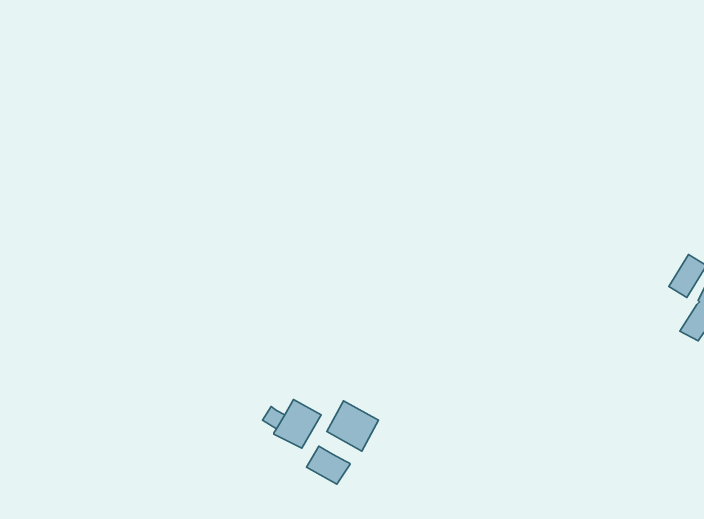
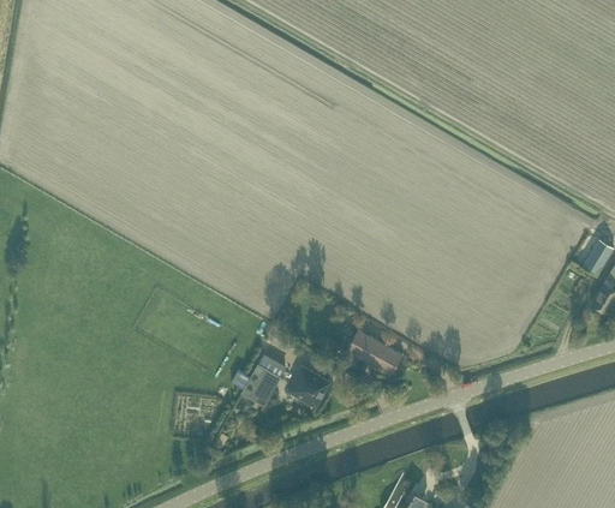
building: none -> [344,329,402,376]
building: [306,446,350,484] -> none

